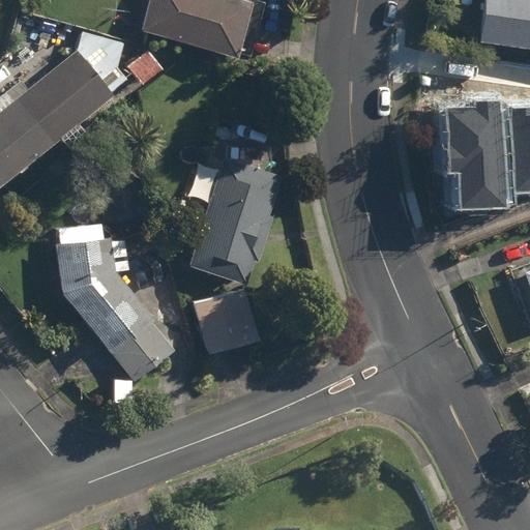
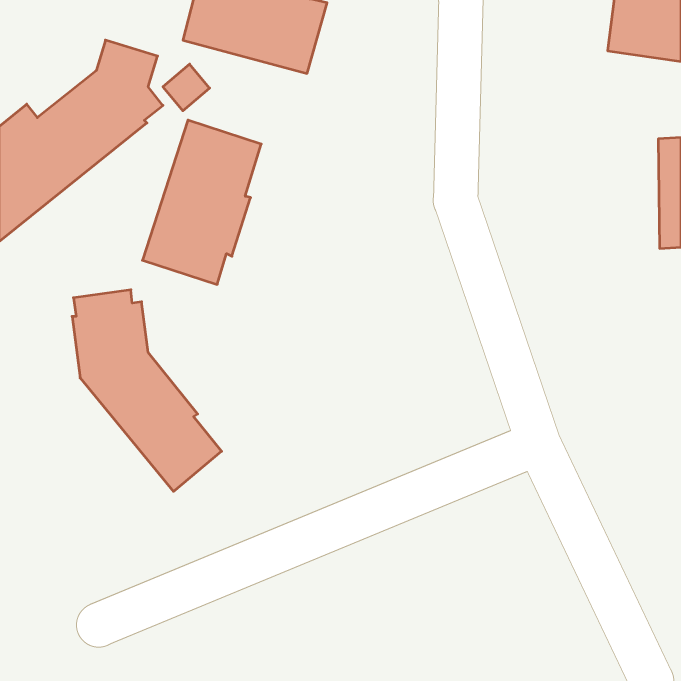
building: [447,101,506,205] -> none
building: [188,157,281,285] -> [142,120,261,284]
building: [193,290,259,356] -> none

